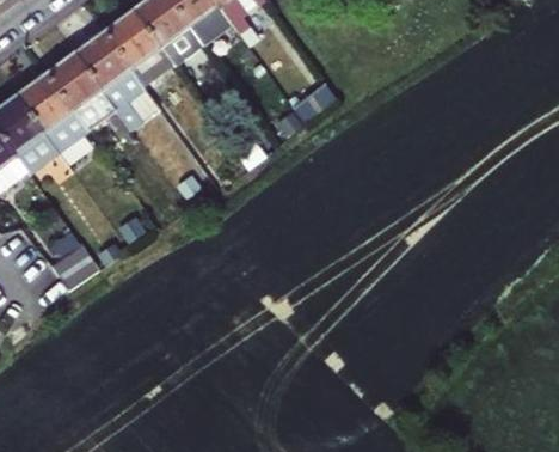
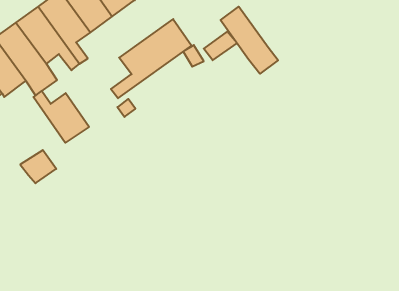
building: none -> [221,7,278,74]
building: none -> [111,19,191,98]
building: none -> [33,91,89,143]

